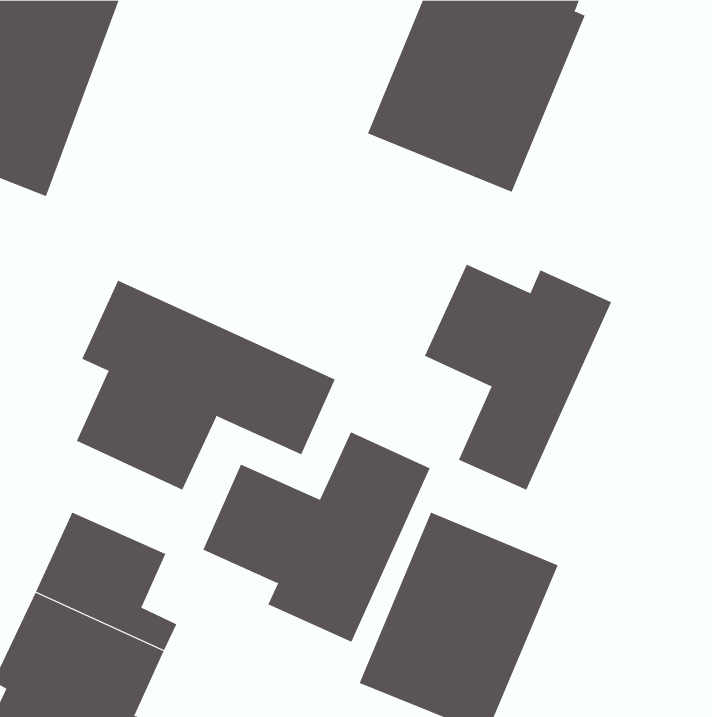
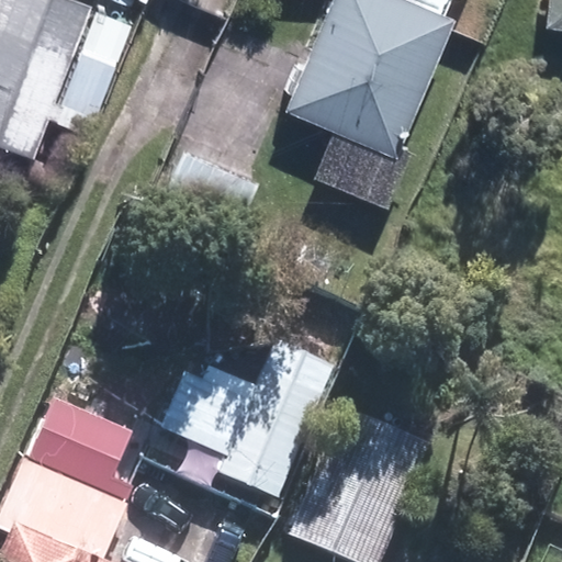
building: [424,264,612,491] -> none
building: [76,280,336,491] -> none

